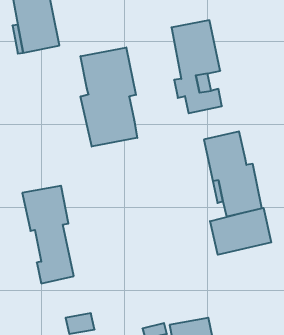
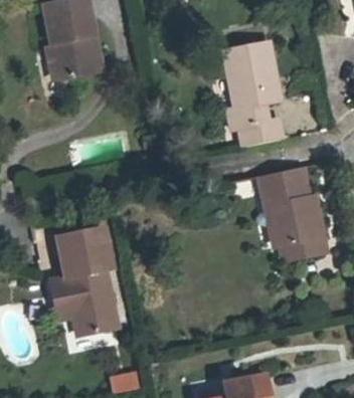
building: [81,47,137,147] -> none
building: [210,208,271,255] -> none
building: none -> [51,276,80,316]

